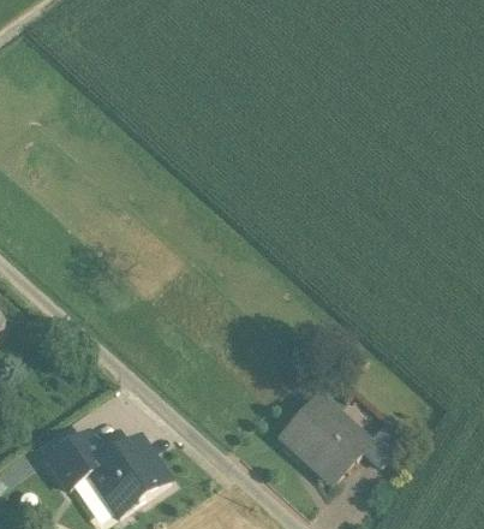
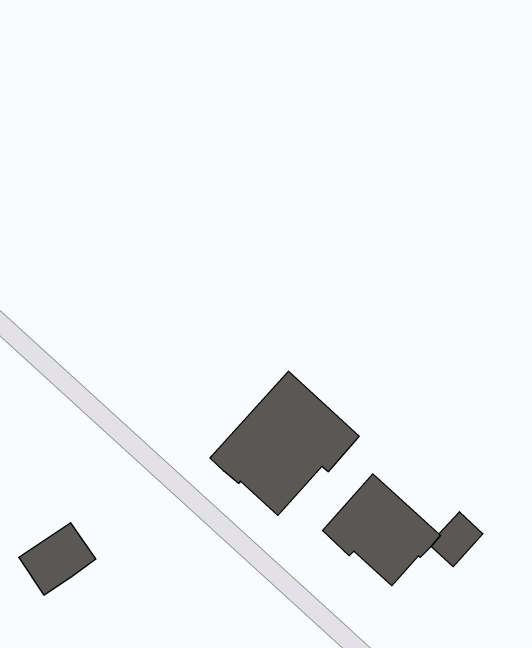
building: none -> [210,371,359,515]
building: [86,438,167,516] -> none

